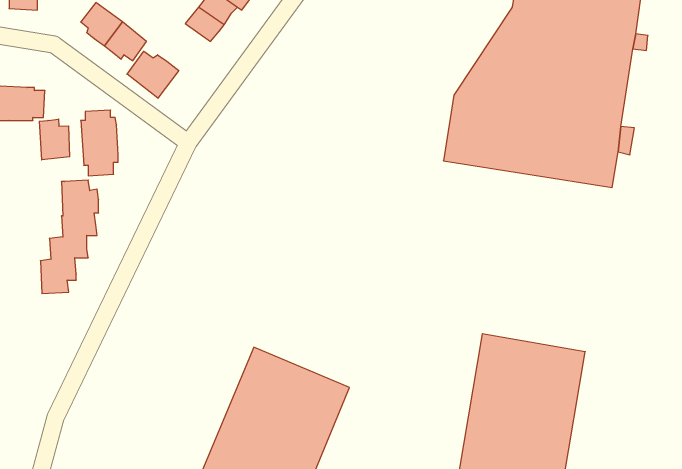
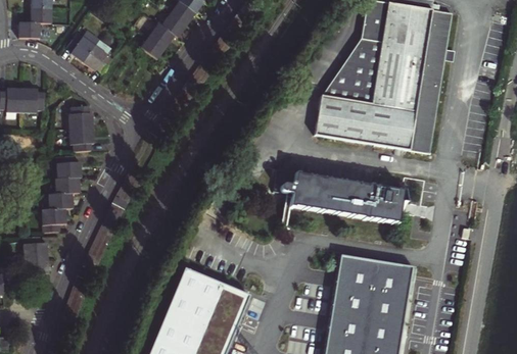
building: [127,51,179,98] -> none
building: [39,119,70,160] -> none
building: none -> [278,170,404,224]
building: none -> [21,237,47,277]

